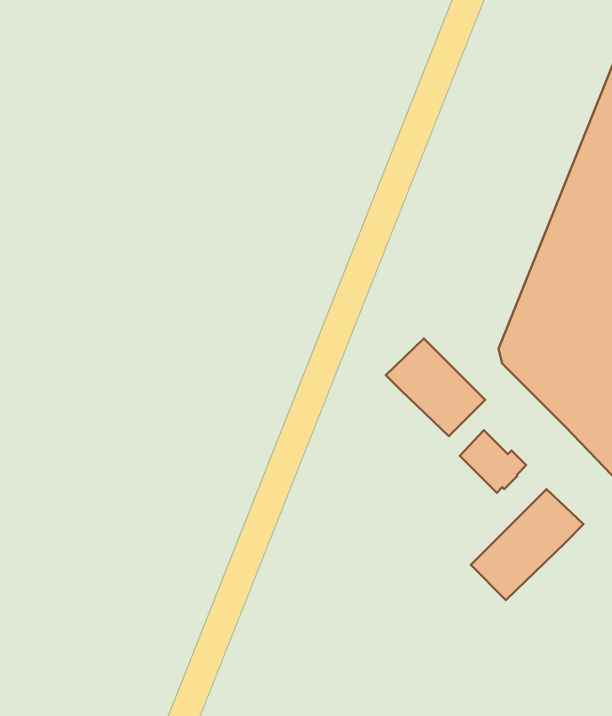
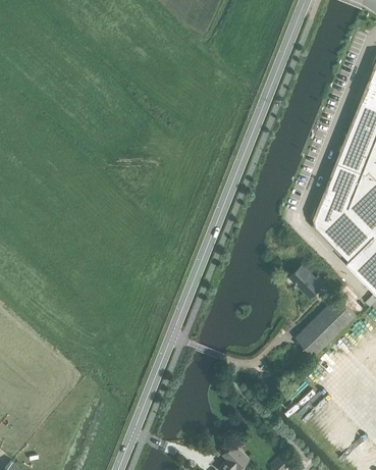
building: [386,339,485,436] -> none

